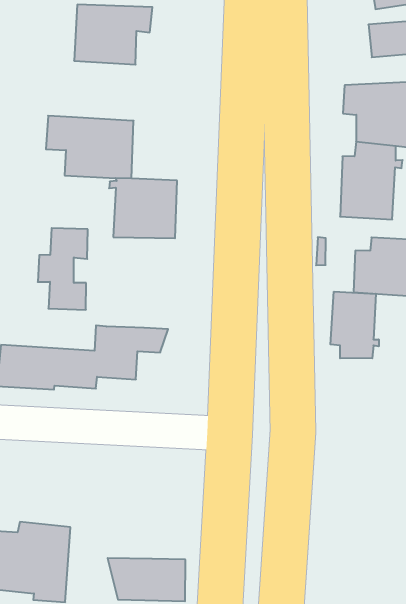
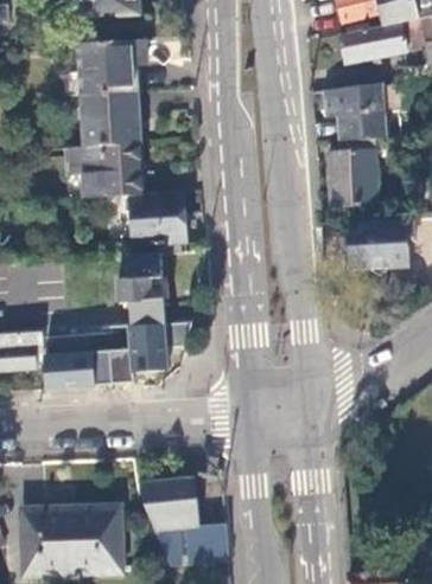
building: none -> [81,92,138,145]
building: [38,228,88,310] -> [121,252,167,326]
building: [330,292,379,358] -> none
building: none -> [139,474,196,530]

